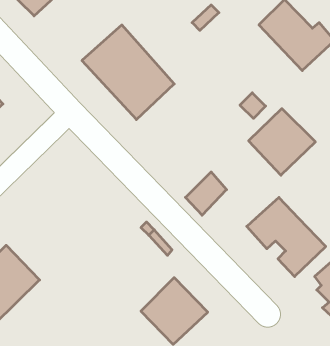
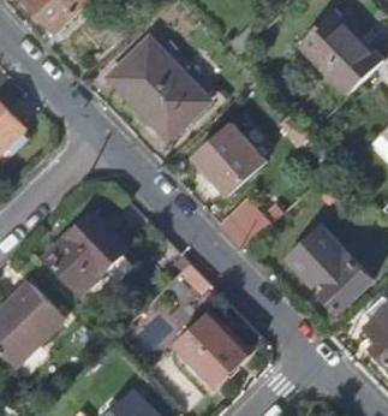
building: [249,109,315,175] -> [193,126,265,198]
building: none -> [44,215,126,293]

